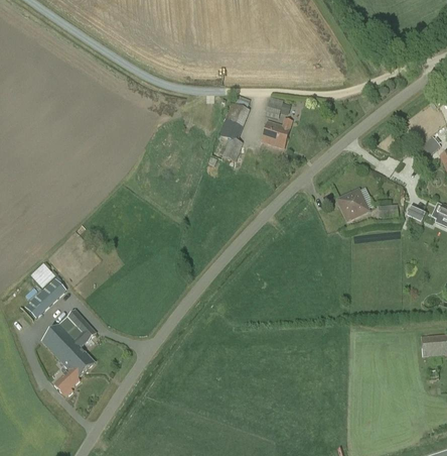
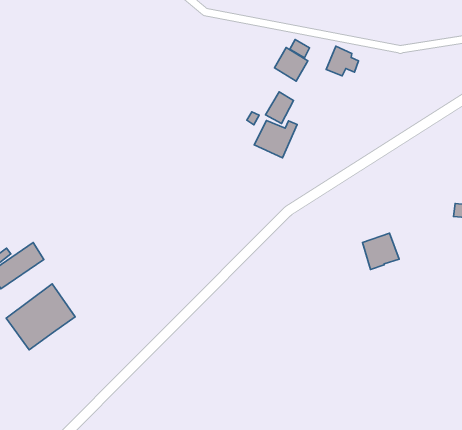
building: [260,118,291,147] -> [254,121,297,158]
building: [337,189,367,219] -> [362,233,399,270]
building: [52,346,95,396] -> none

